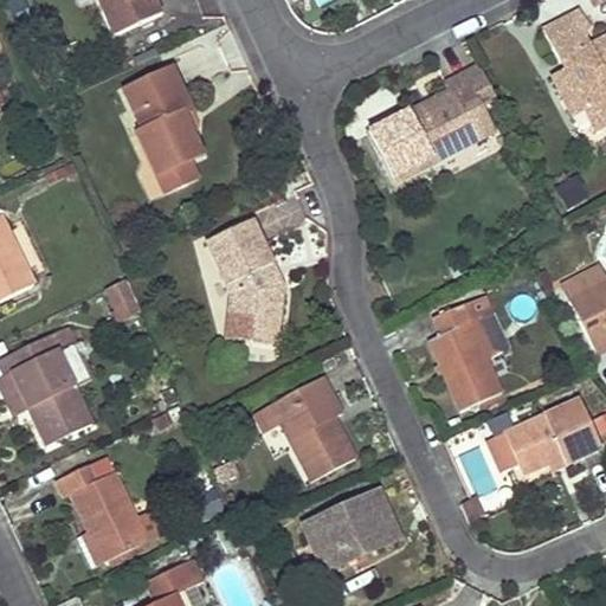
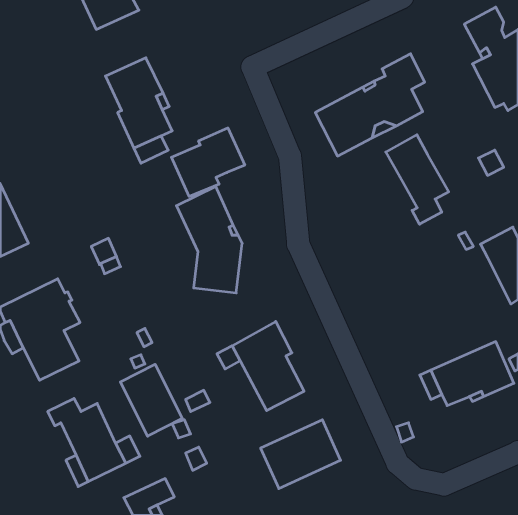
building: none -> [171,128,245,196]
building: none -> [386,135,449,224]
building: [428,292,509,410] -> none
building: none -> [120,364,182,436]

